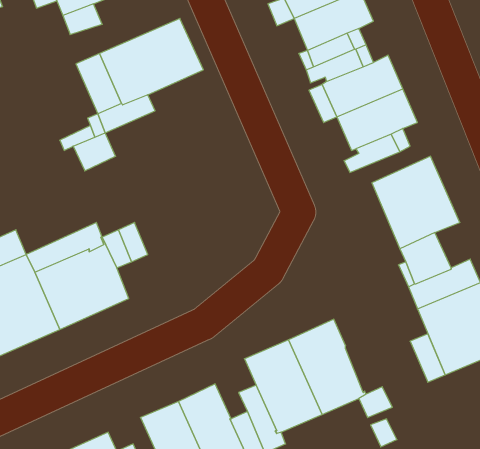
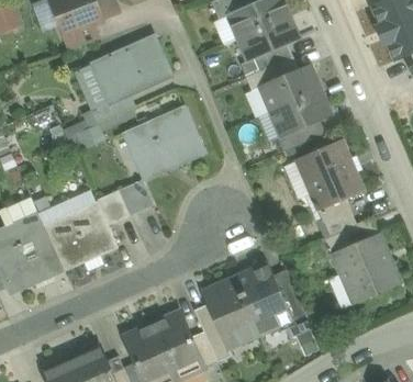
building: none -> [124,109,203,178]
building: none -> [119,180,150,214]

